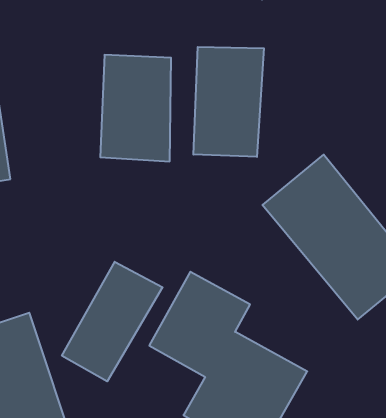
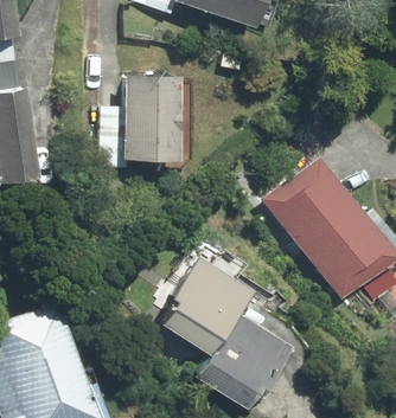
building: [193,47,264,157] -> none
building: [62,262,163,381] -> none

